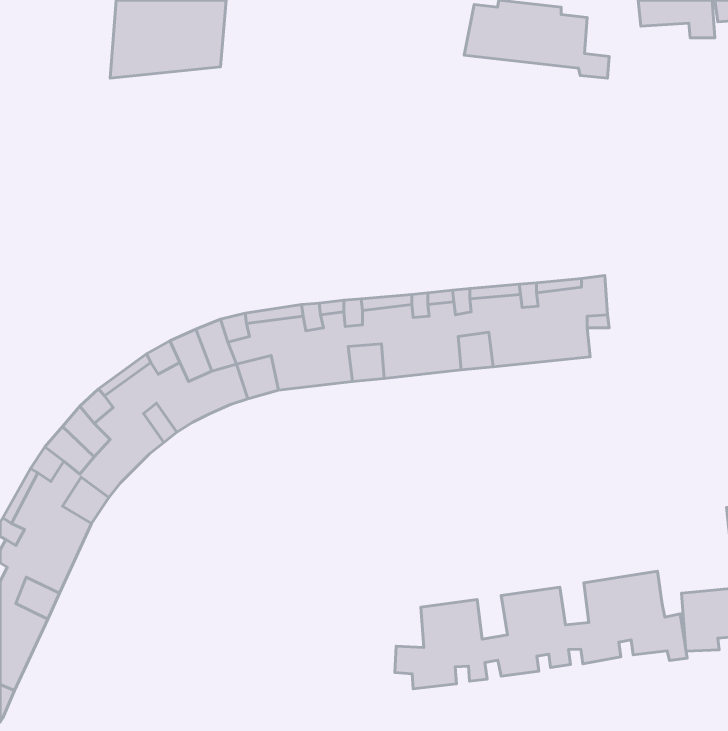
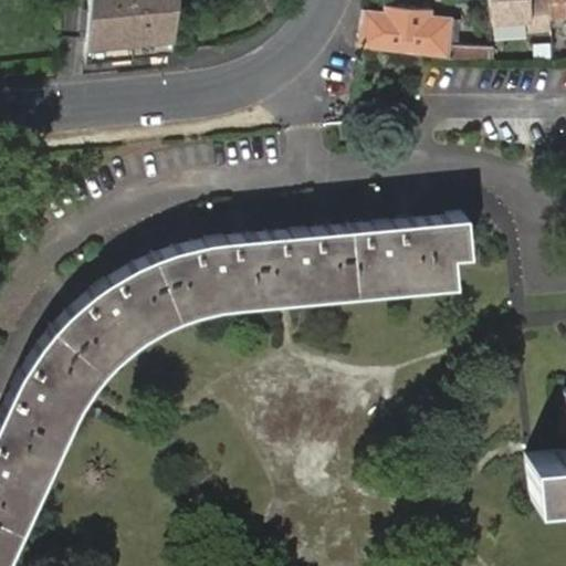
building: [395,571,687,689] -> none

